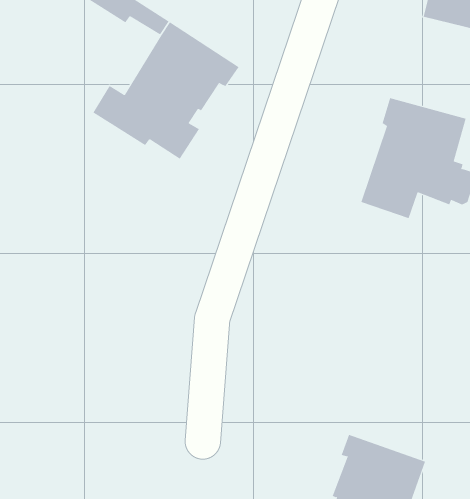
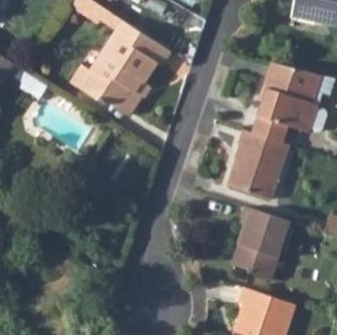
building: none -> [228,133,289,203]
building: none -> [231,211,289,285]

